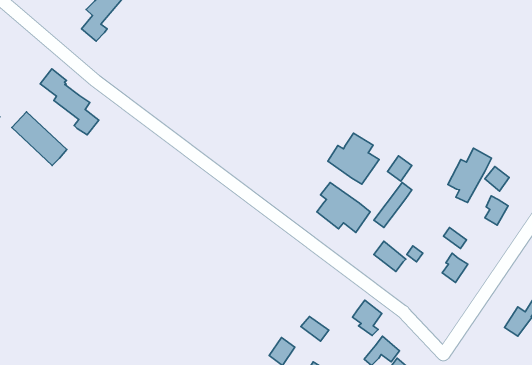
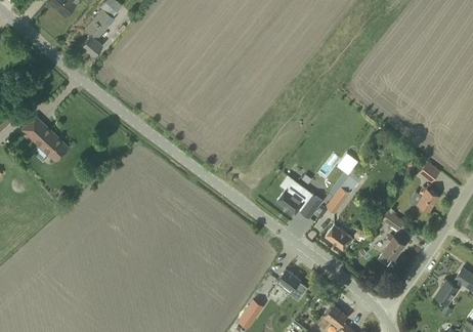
building: [40,69,99,135] -> none
building: [328,133,379,184] -> none
building: [448,148,492,202] -> none
building: [353,300,382,336] -> [275,268,300,298]

